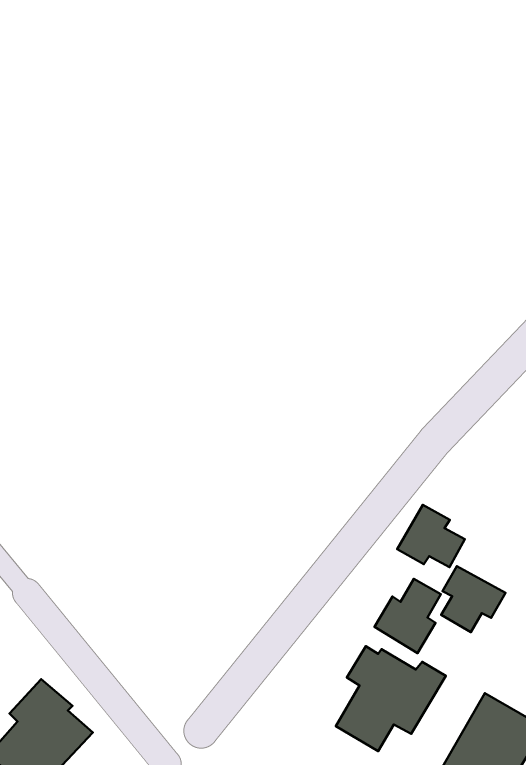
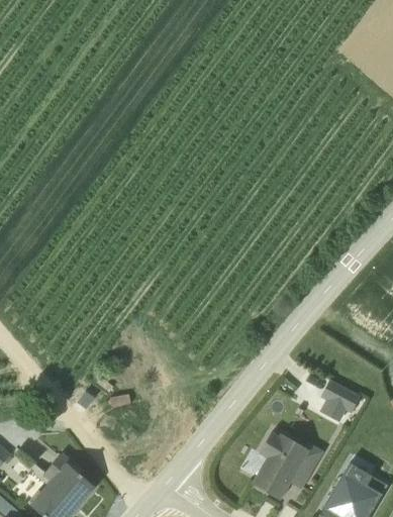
building: [397,505,465,567] -> none
building: [375,579,441,653] -> none

